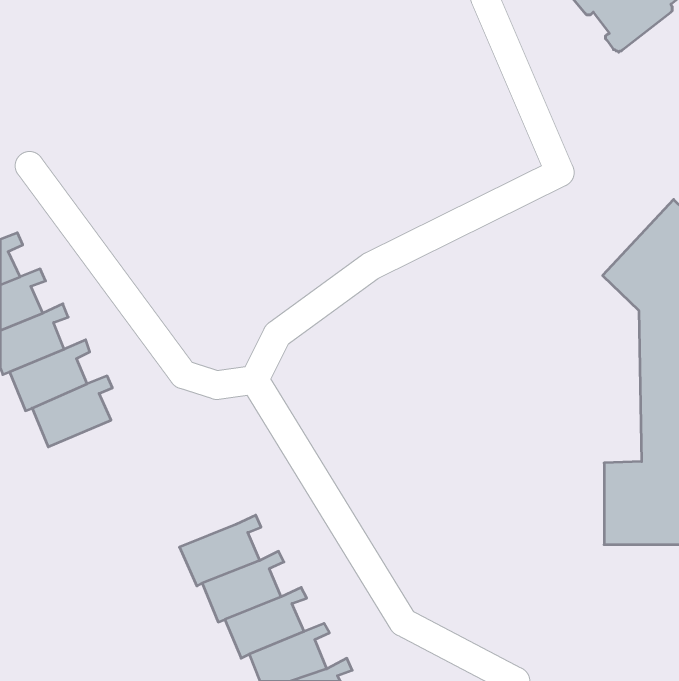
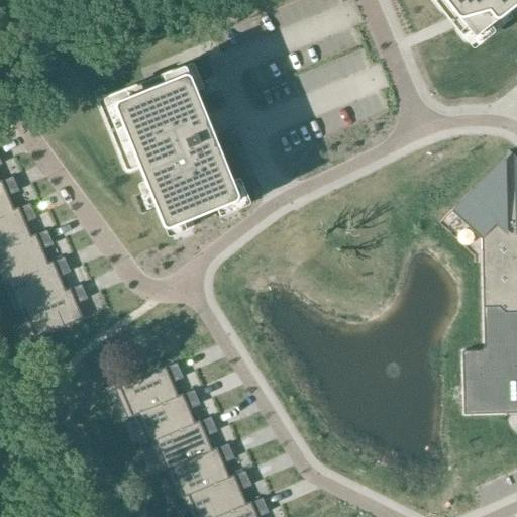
building: none -> [103,76,240,225]
building: none -> [122,361,184,416]

